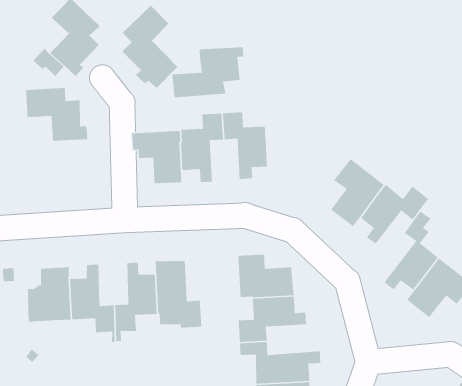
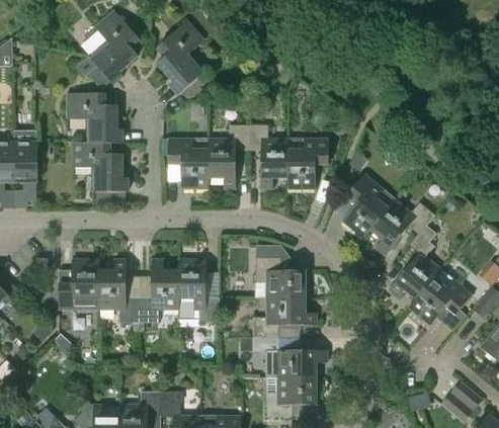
building: [172,46,244,98] -> none
building: none -> [287,139,329,188]
building: none -> [73,143,129,192]

